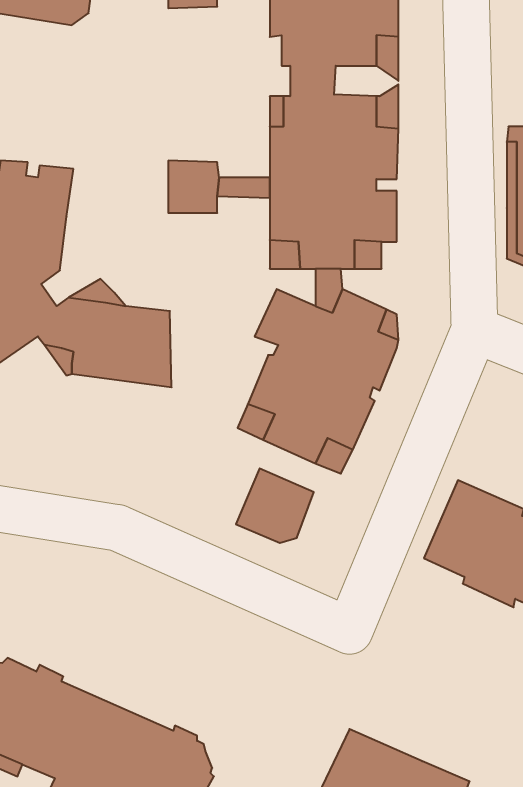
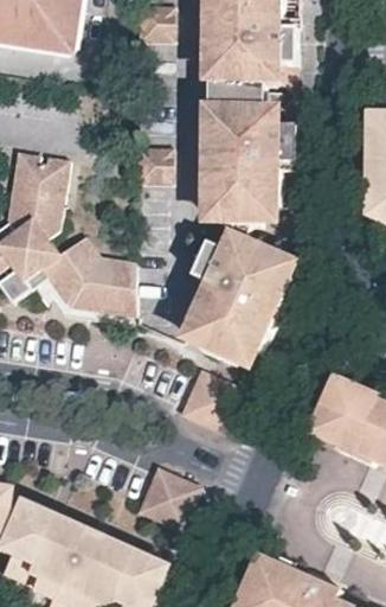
building: none -> [140,466,194,523]

